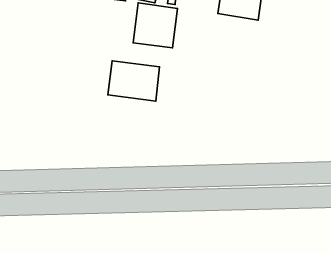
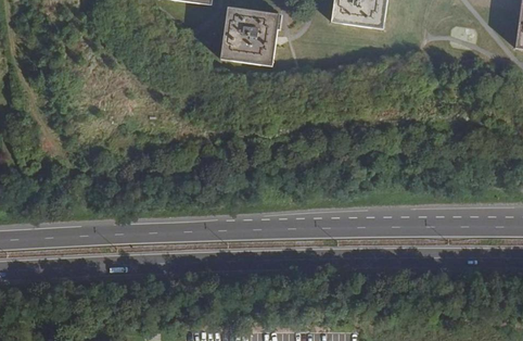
building: [108,61,159,101] -> none

